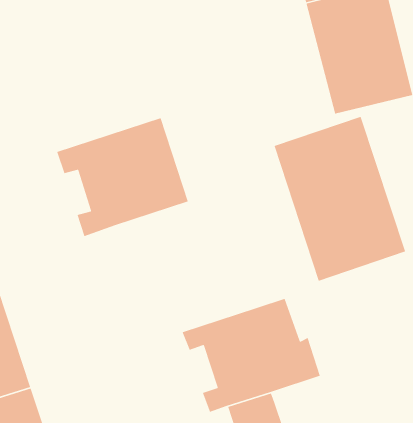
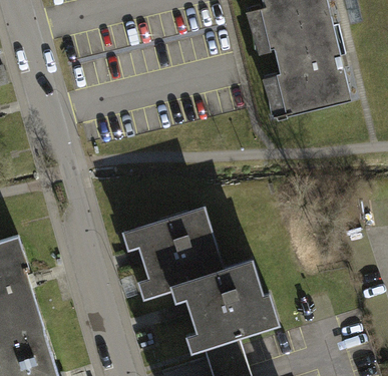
building: [273,116,406,282] -> none
building: [56,117,189,237] -> [119,203,225,298]

